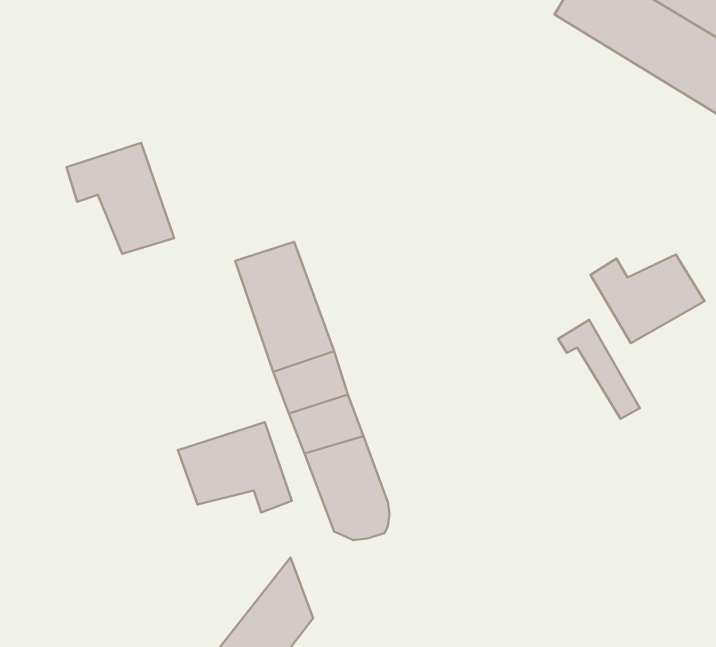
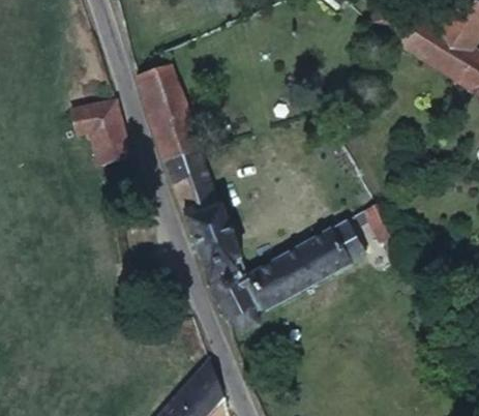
building: none -> [137,68,203,168]
building: [591,254,705,343] -> none
building: none -> [256,222,368,311]
building: [178,422,292,512] -> none

